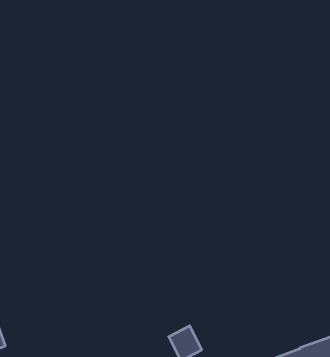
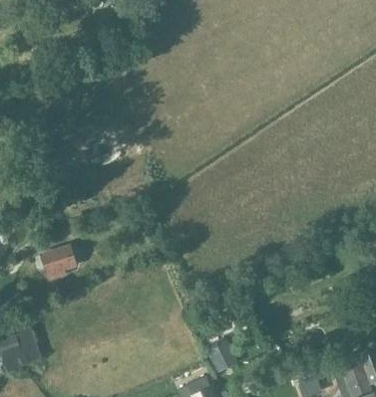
building: none -> [42,247,76,278]

